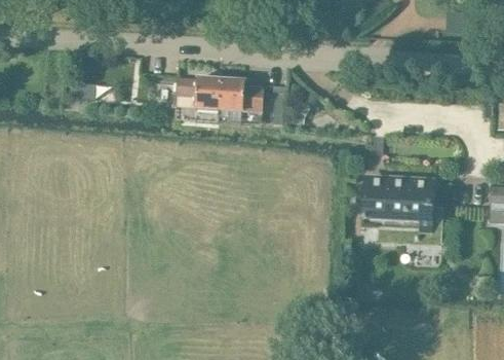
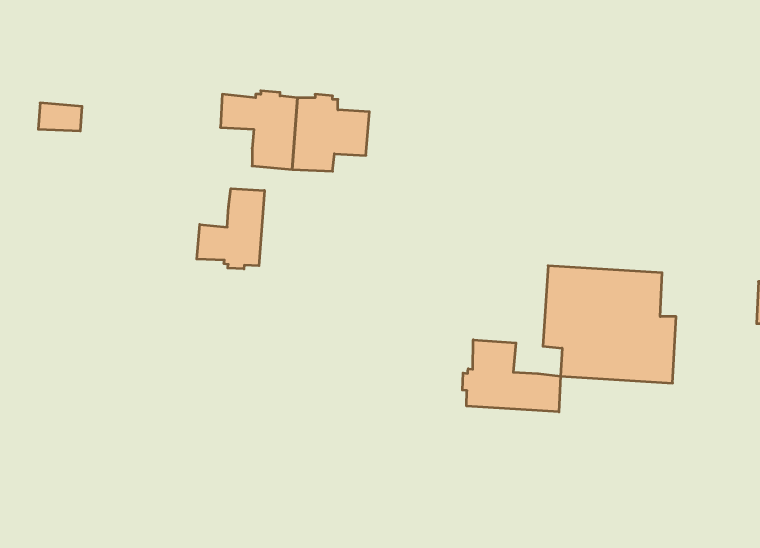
building: none -> [197,189,264,269]
building: none -> [462,340,560,412]

